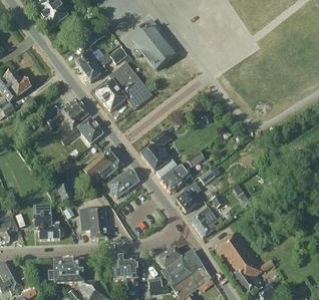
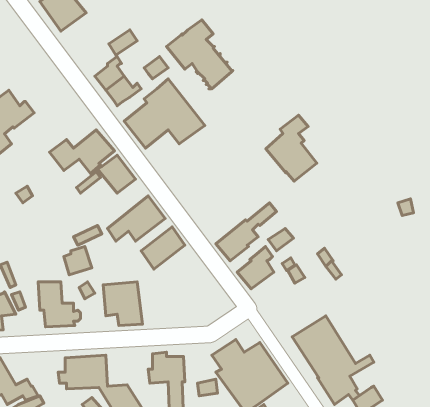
building: [140,130,177,178] -> [266,115,317,181]
building: [191,207,217,237] -> none

